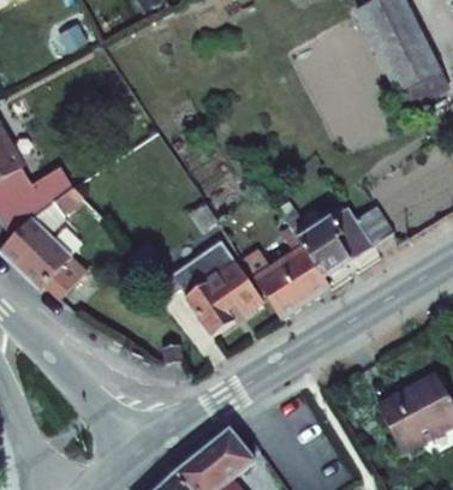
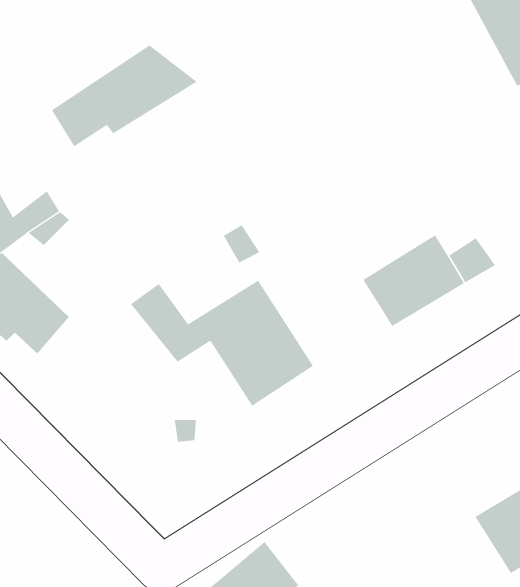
building: none -> [51,45,198,147]
building: [256,225,328,318] -> none

